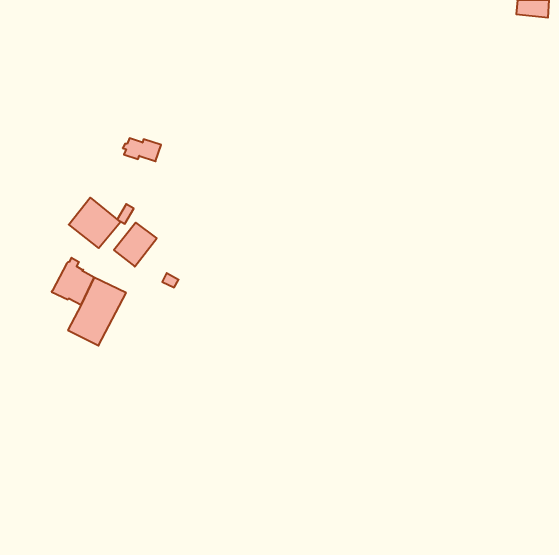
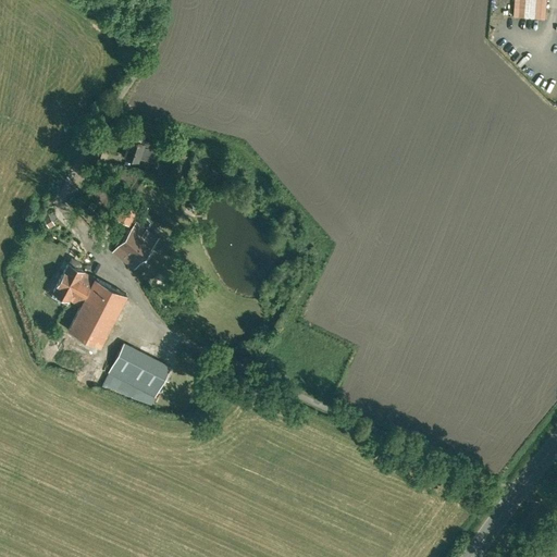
building: [69,198,120,248] -> none
building: none -> [108,347,169,399]

